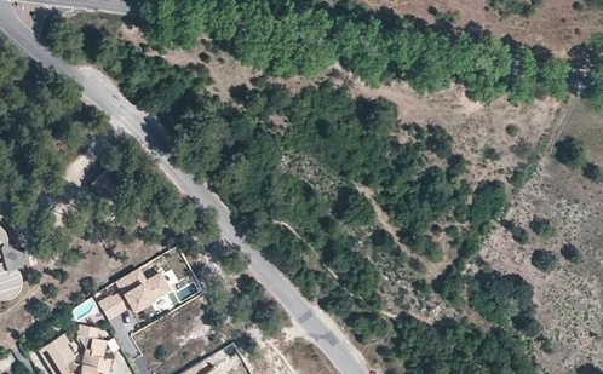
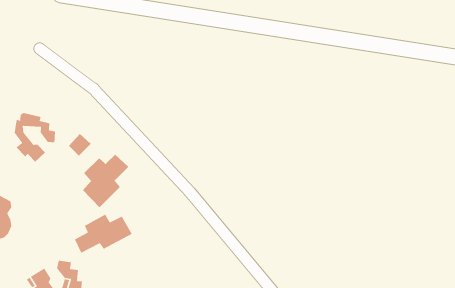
building: none -> [14,112,56,163]
building: none -> [82,154,129,208]

